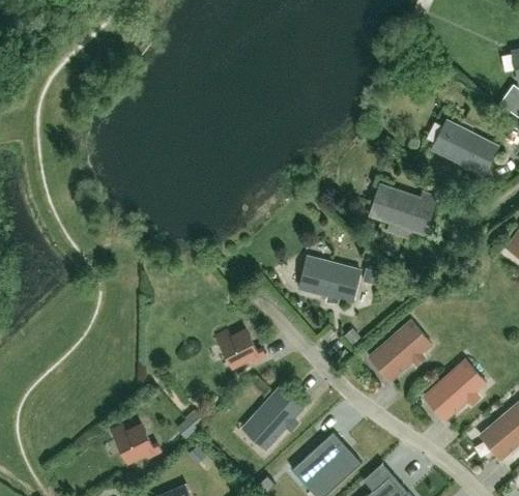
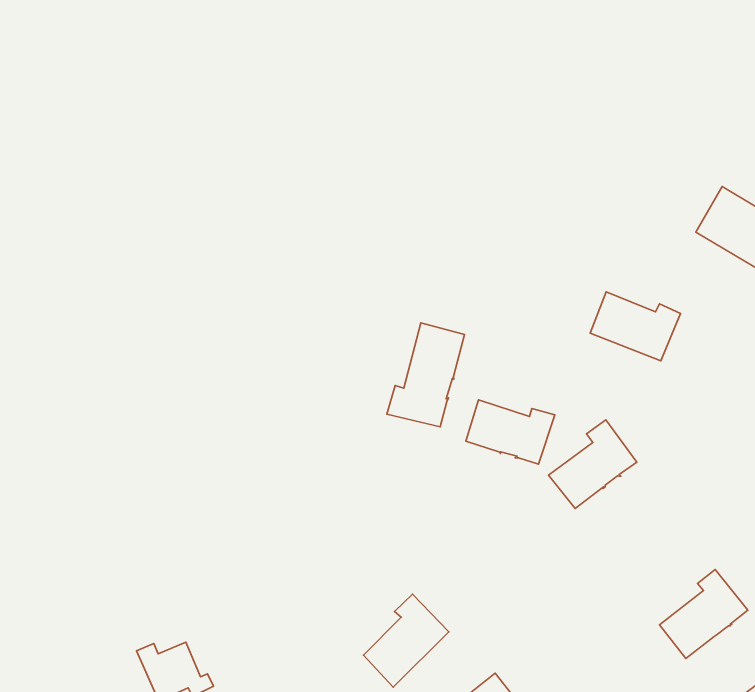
building: none -> [387,323,465,427]
building: [376,320,430,376] -> [549,420,637,509]
building: [214,330,263,368] -> none

